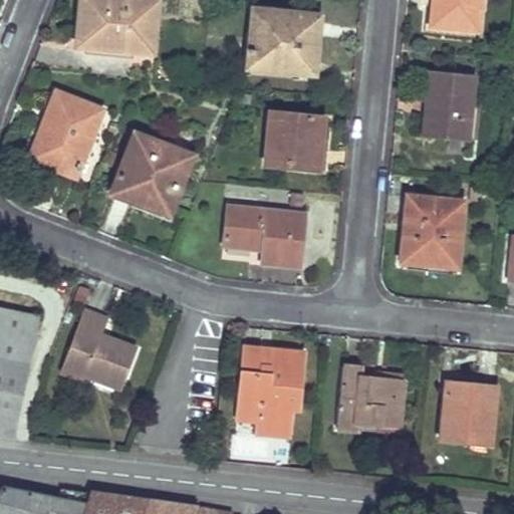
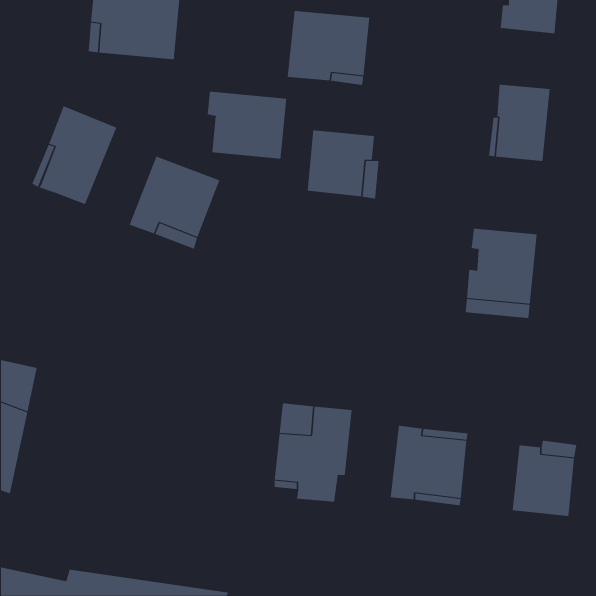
building: none -> [207,91,287,160]
building: [224,205,305,266] -> none
building: [60,309,137,388] -> none

